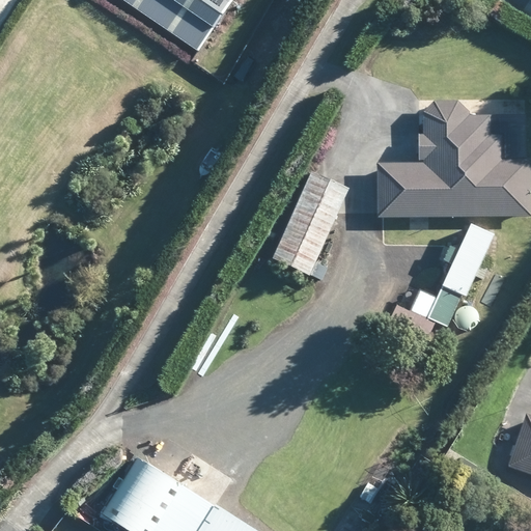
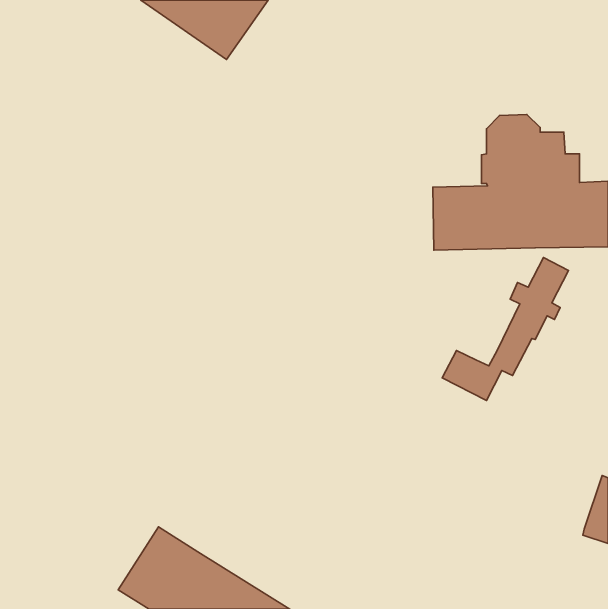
building: [273,172,348,280] -> none

